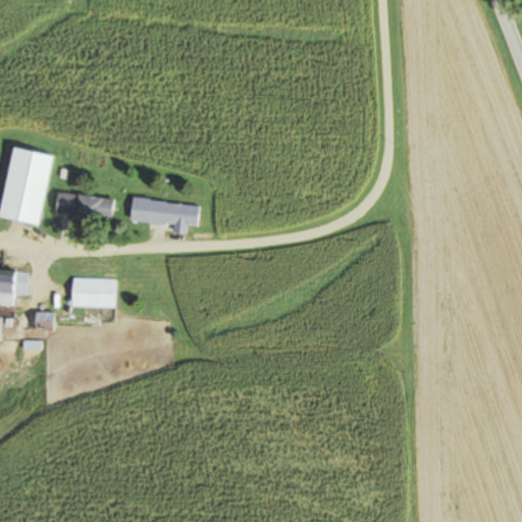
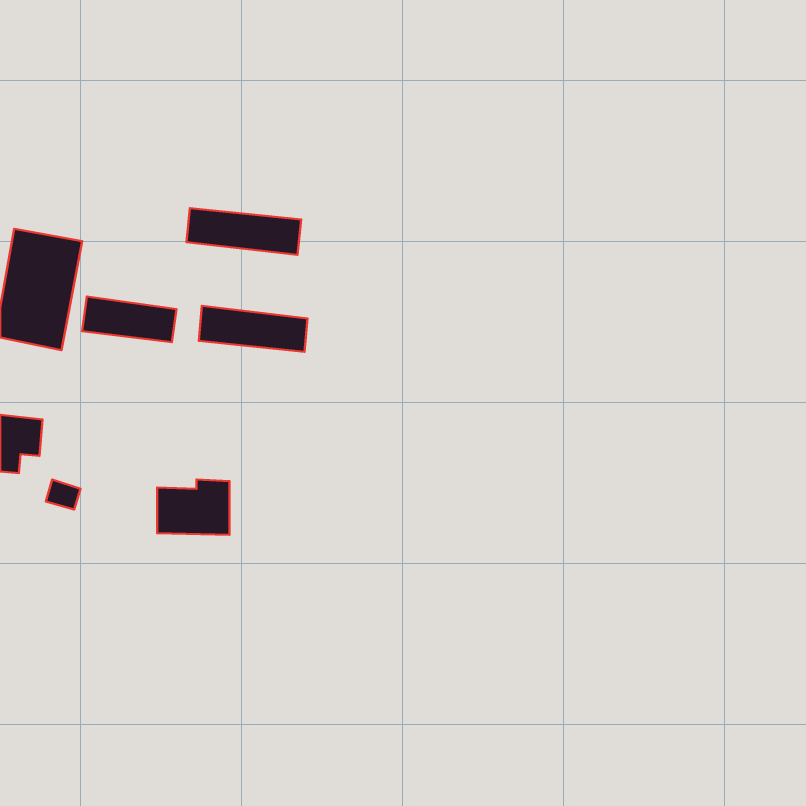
building: none -> [187,208,301,255]
building: [69,272,116,308] -> [157,480,230,535]

